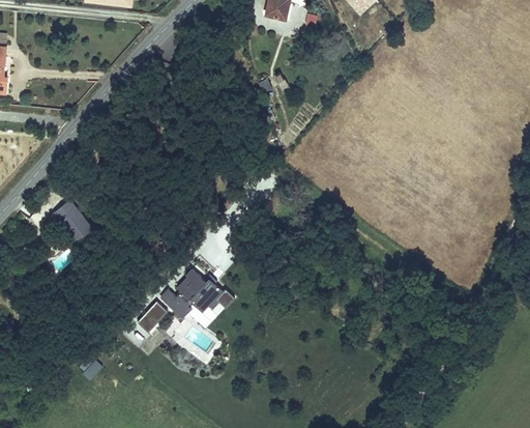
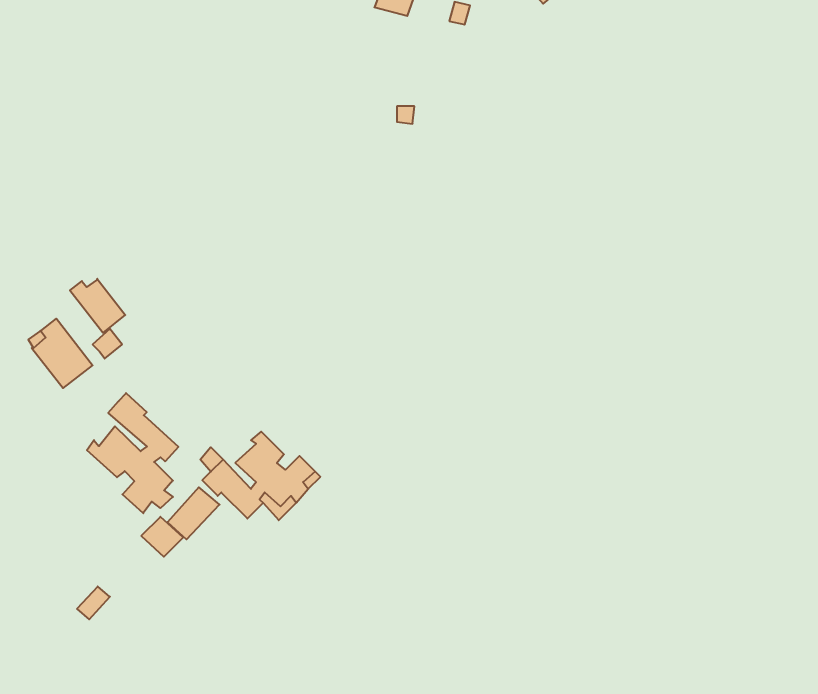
building: none -> [70,279,125,333]
building: none -> [87,393,178,513]

